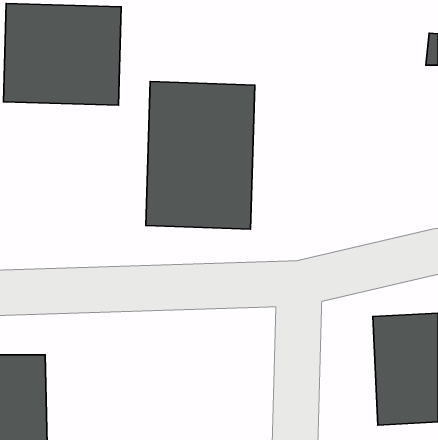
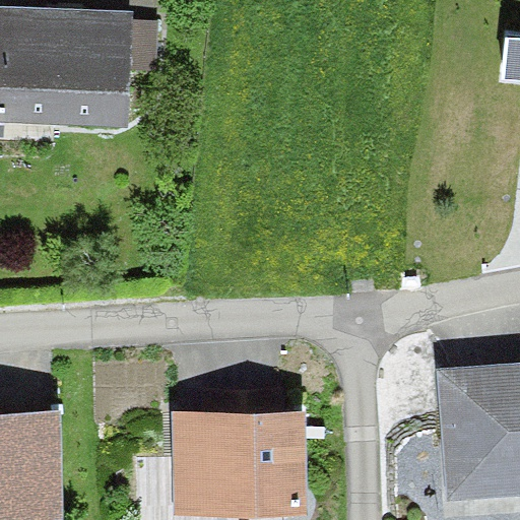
building: [146,82,255,229] -> none
building: none -> [181,408,318,514]

